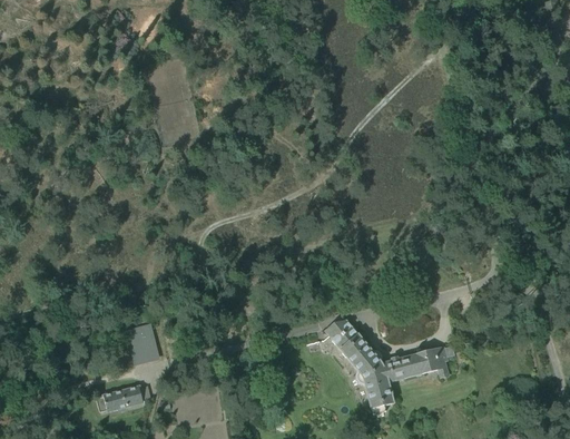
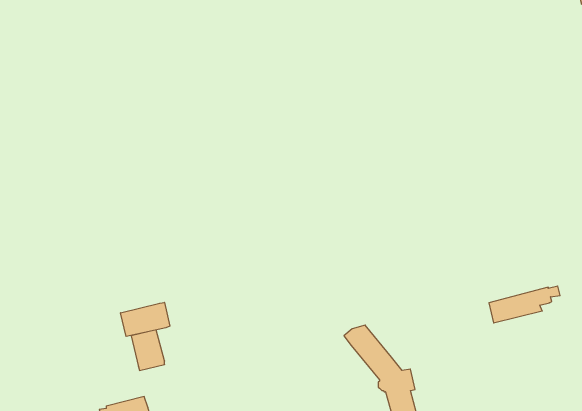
building: none -> [121,302,170,336]
building: [387,345,454,380] -> [489,286,560,323]

